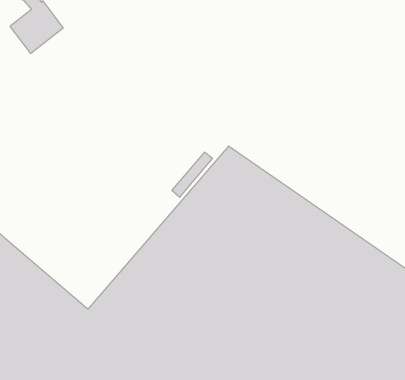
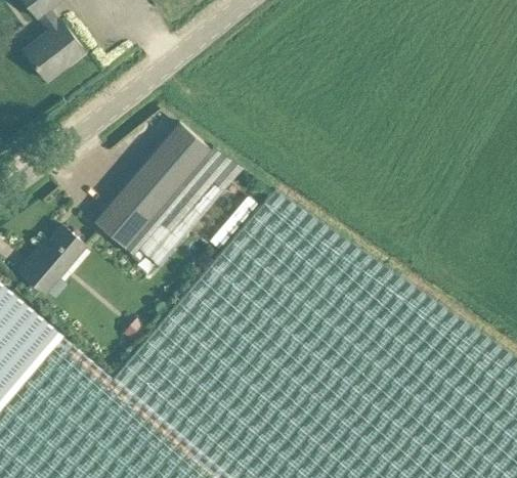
building: none -> [94,122,243,265]
building: none -> [18,226,85,293]

